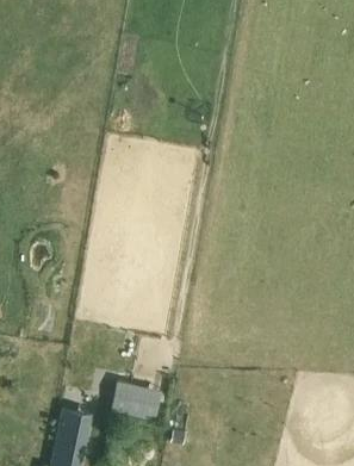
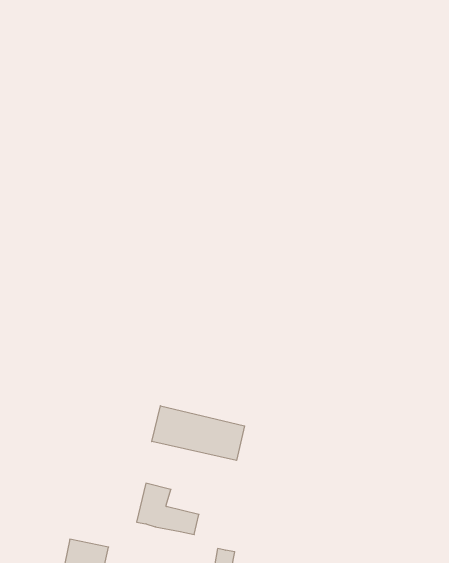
building: none -> [152,406,245,460]

